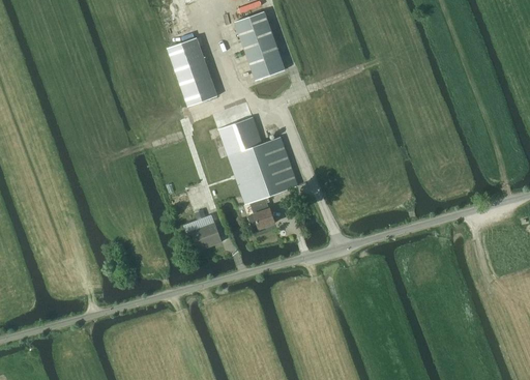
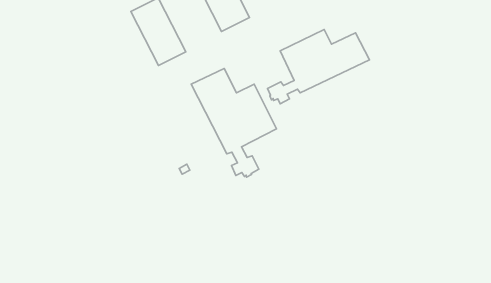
building: none -> [268,30,369,104]
building: [190,222,222,250] -> none

